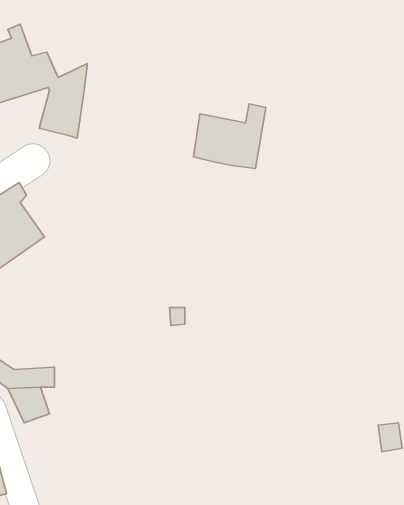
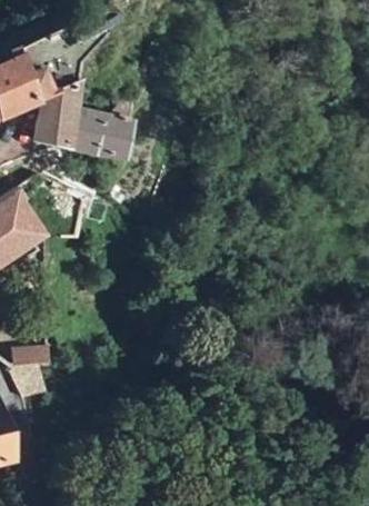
building: [194,104,266,168] -> [71,101,134,158]

